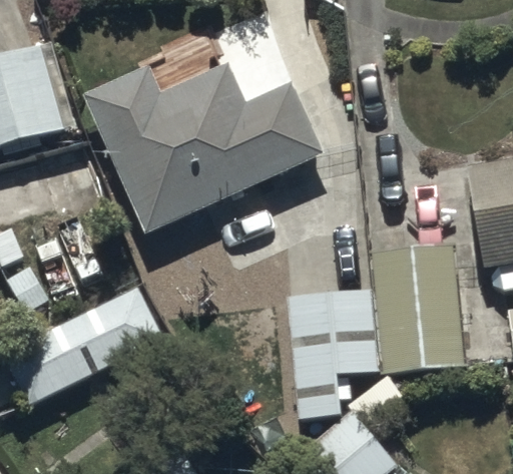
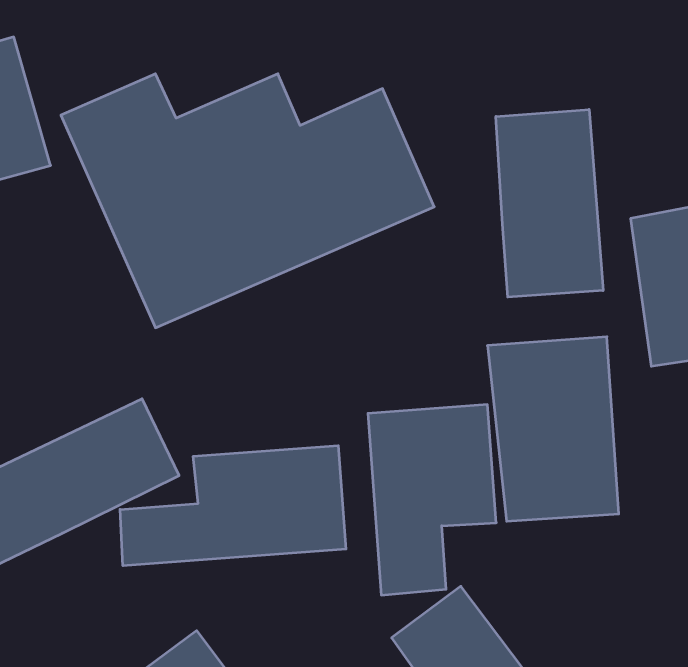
building: none -> [496,109,603,297]
building: none -> [120,446,346,566]

